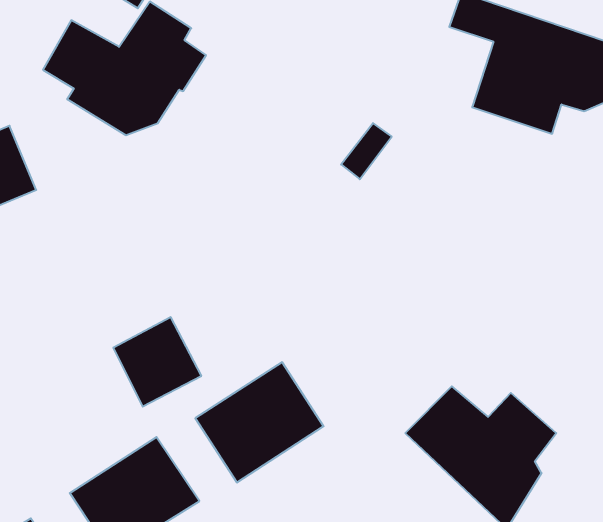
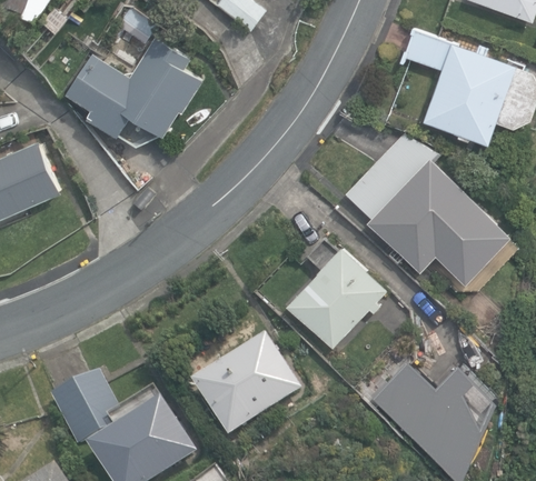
building: none -> [344,132,518,292]
building: none -> [287,245,388,348]
building: [113,317,201,407] -> [49,371,122,445]

